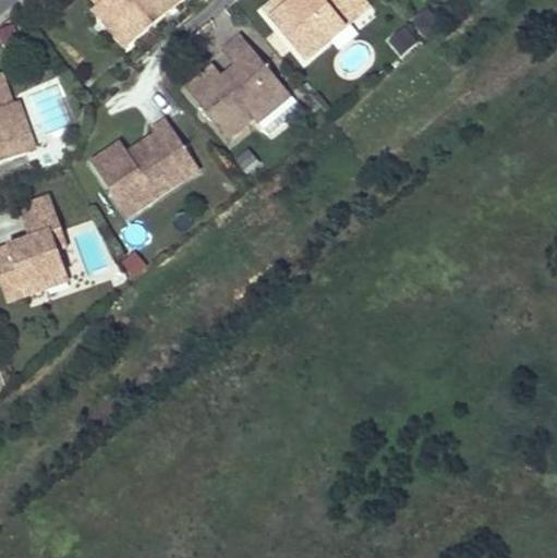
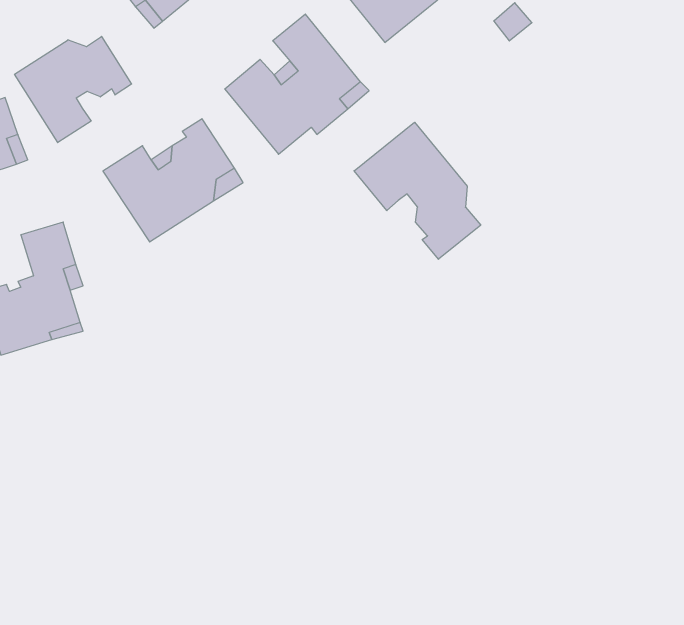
building: none -> [15,36,132,143]
building: none -> [354,122,481,259]

